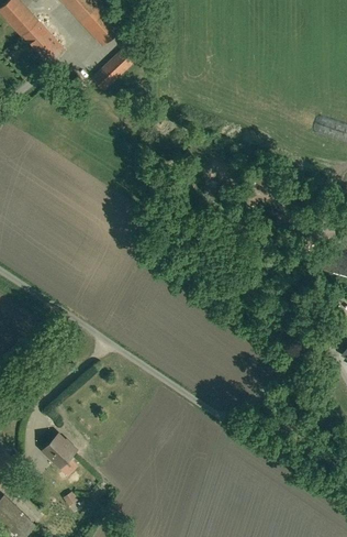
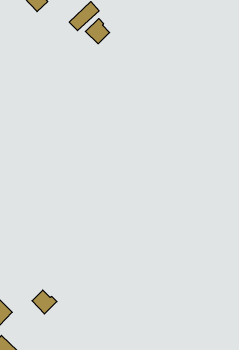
building: none -> [85,19,110,44]

